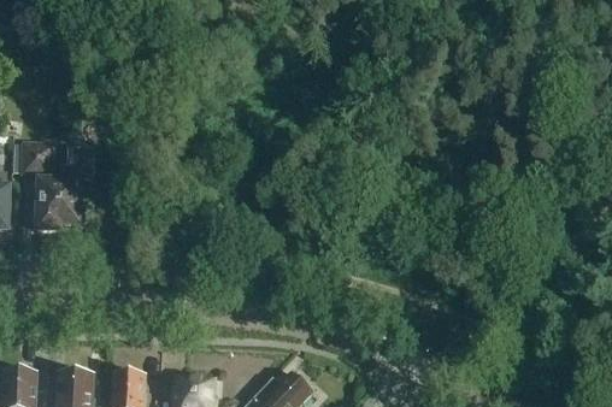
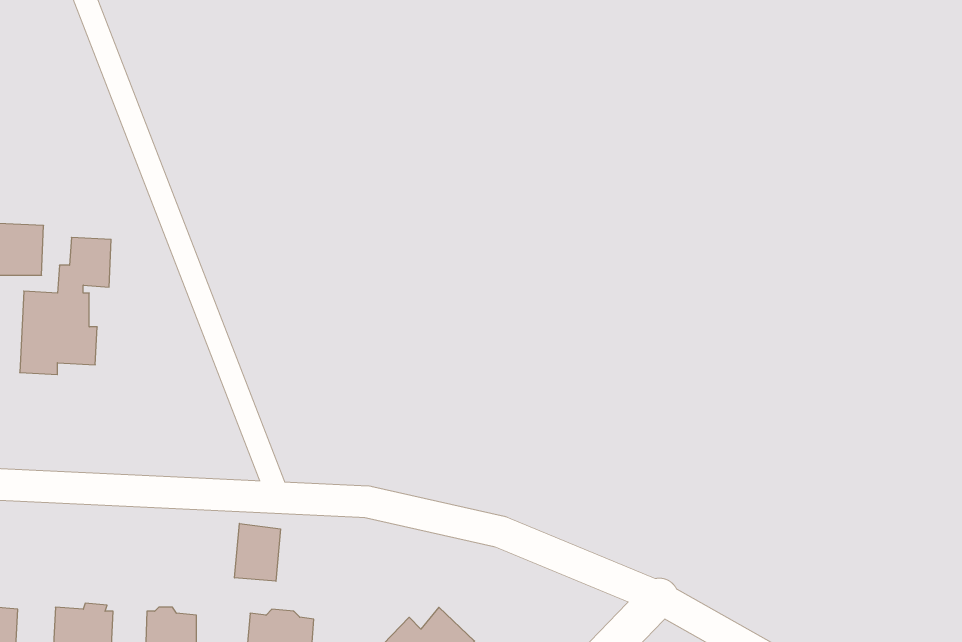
building: none -> [235,523,280,581]

